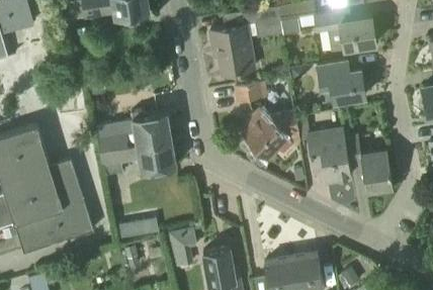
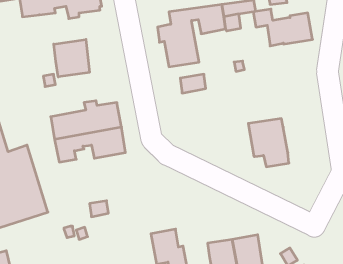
building: none -> [54,39,89,77]
building: [317,61,365,103] -> none
building: [243,110,300,160] -> none
building: [345,137,394,193] -> none
building: [170,229,196,266] -> none

